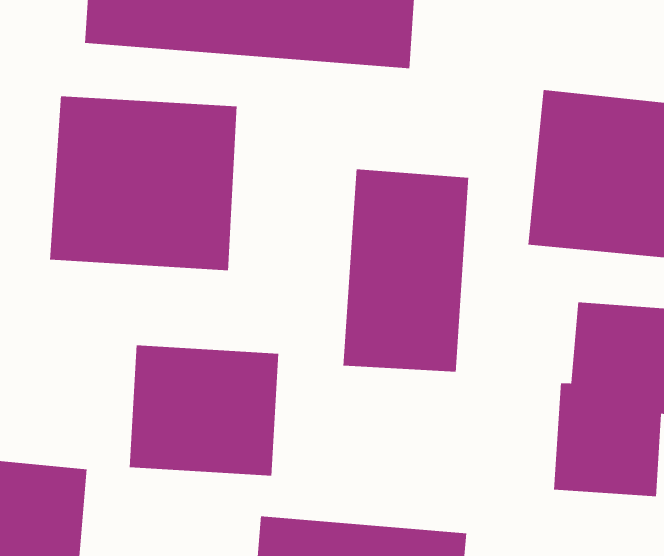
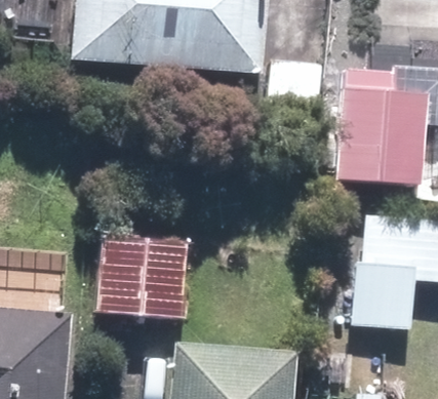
building: [49,95,237,271] -> none
building: [343,169,469,373] -> none

